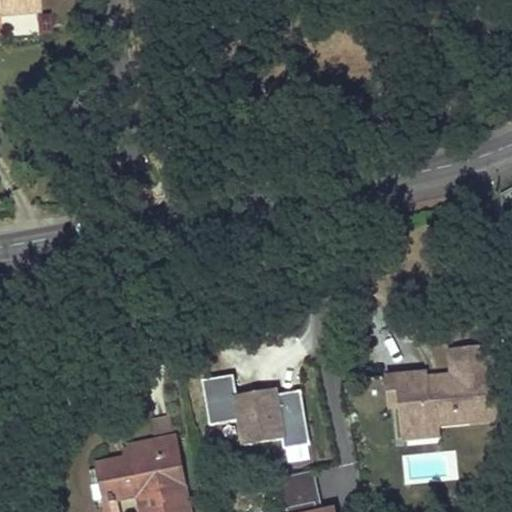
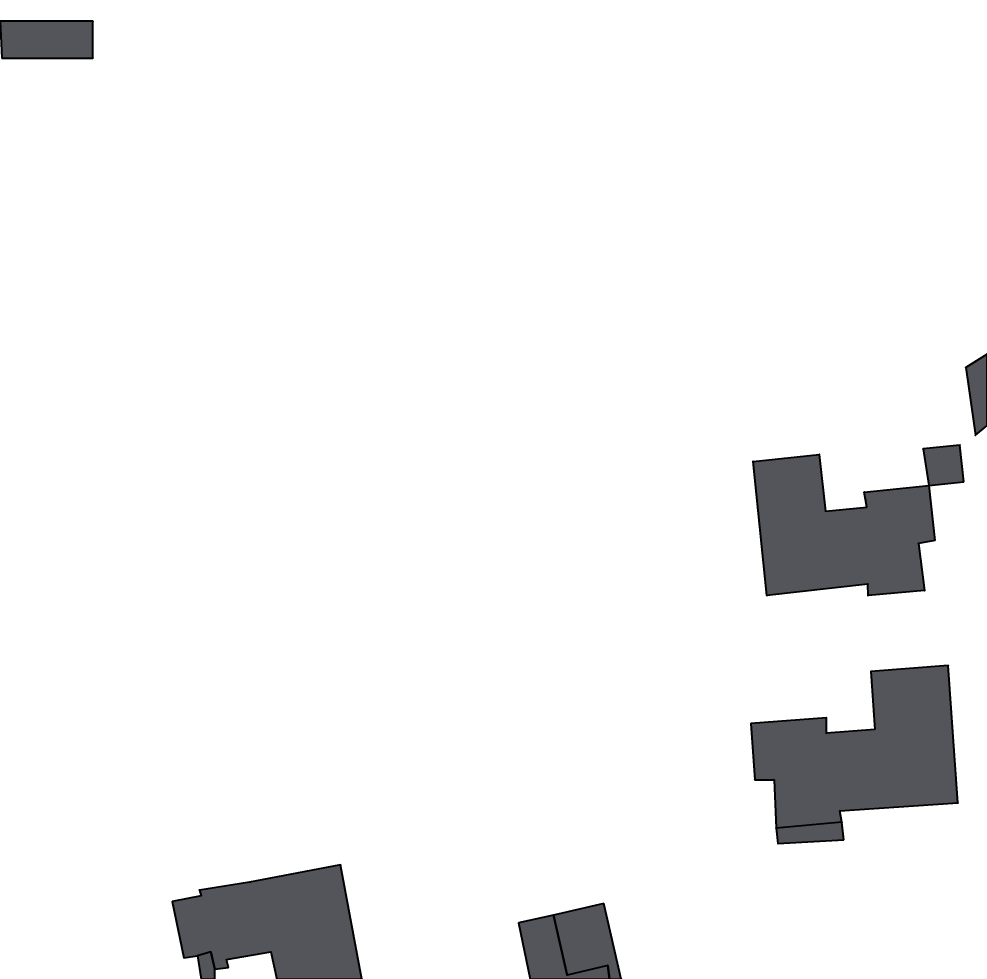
building: none -> [753,454,935,596]
building: [201,375,308,446] -> none
building: [128,412,176,456] -> none

